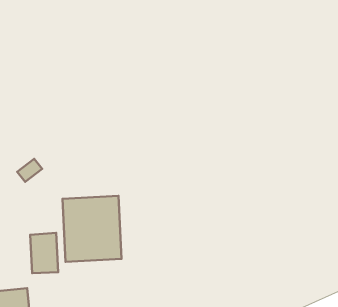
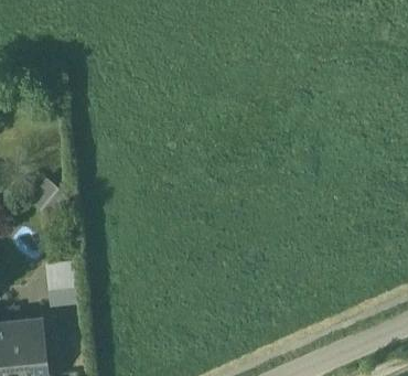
building: [62,196,122,262] -> none

